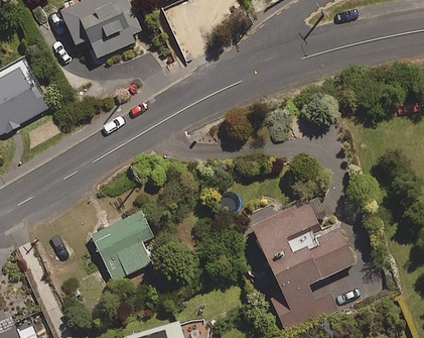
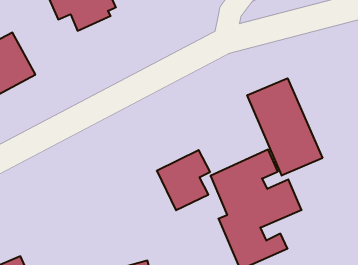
building: none -> [247,78,322,176]
building: [92,210,153,279] -> [157,150,210,210]

